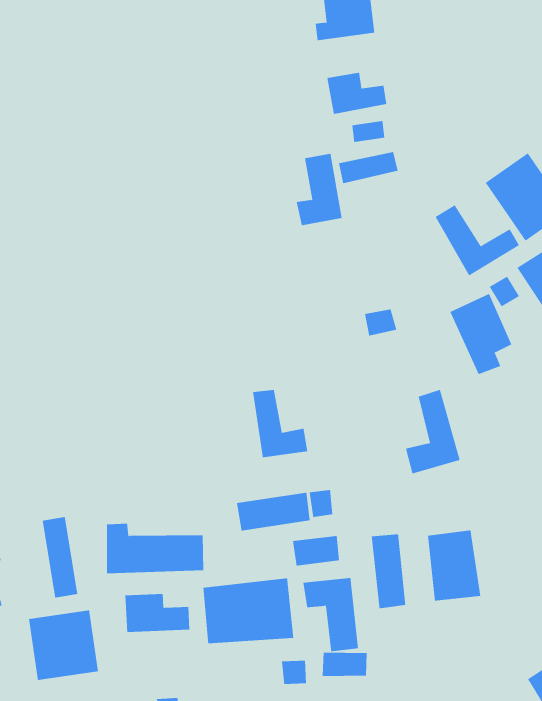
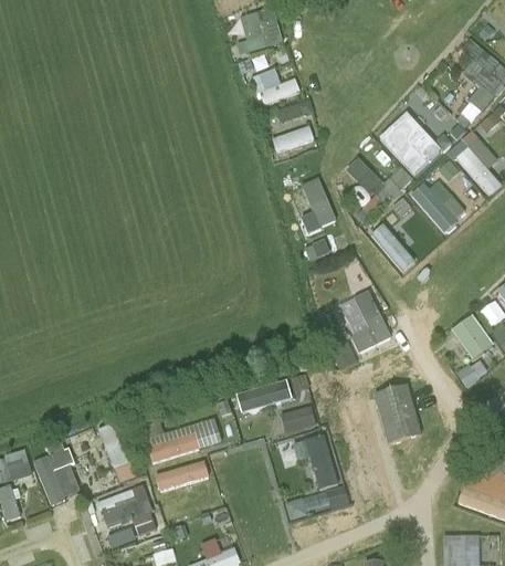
building: [296,153,343,226] -> [301,177,336,232]
building: [253,389,308,458] -> none
building: [371,534,406,609] -> none
building: [203,578,294,644] -> none

